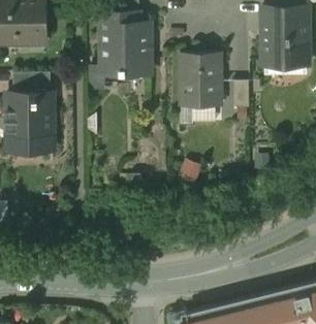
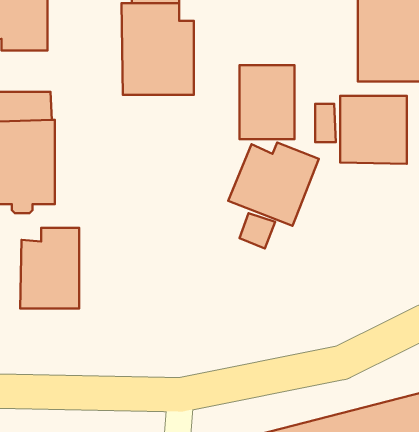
building: none -> [340,96,407,164]
building: none -> [228,143,319,226]
building: none -> [20,228,79,309]

